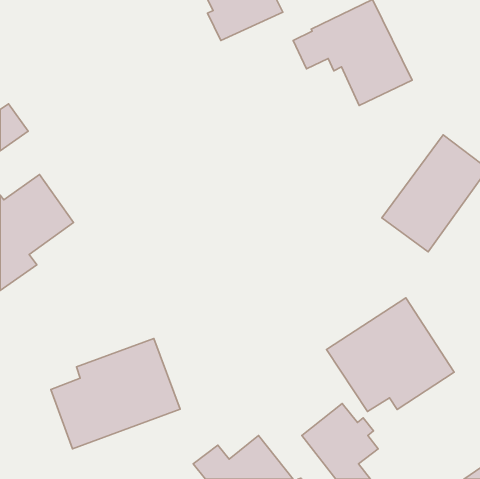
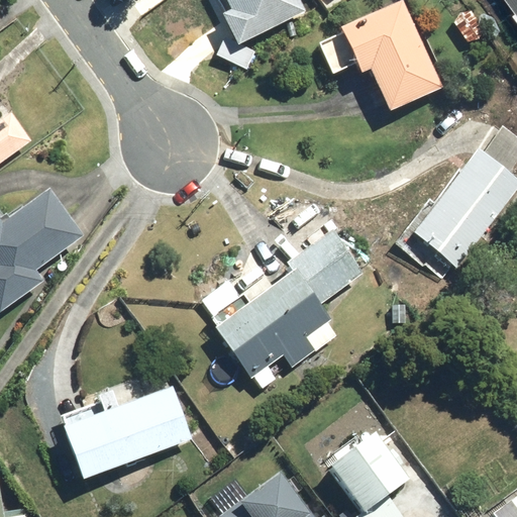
building: none -> [200,229,365,390]
building: [327,298,454,412] -> none

